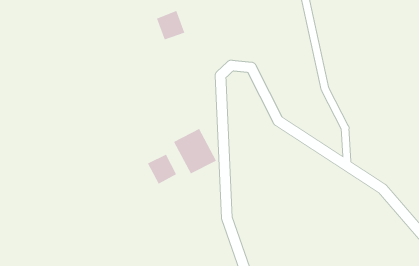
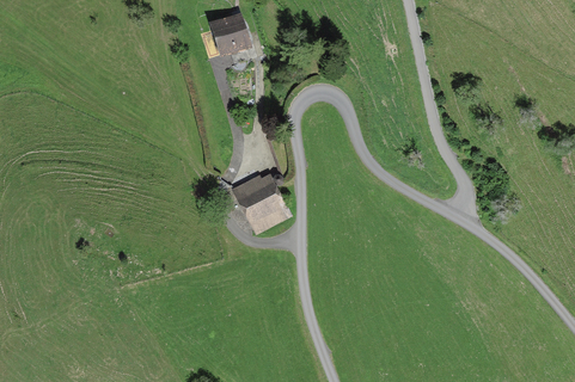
building: [147,154,177,185] -> none

